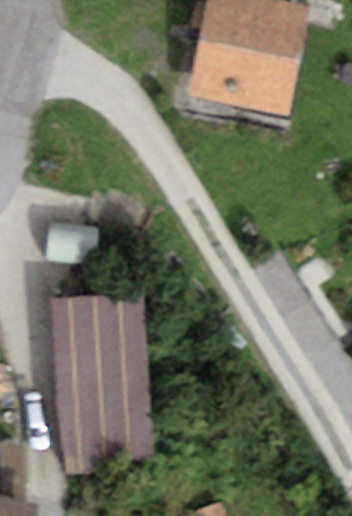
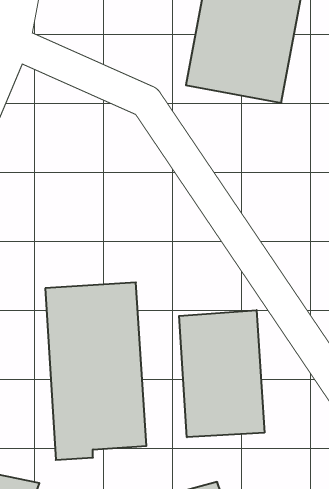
building: none -> [179,310,264,437]

